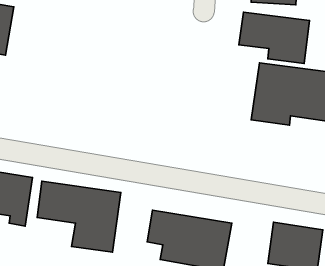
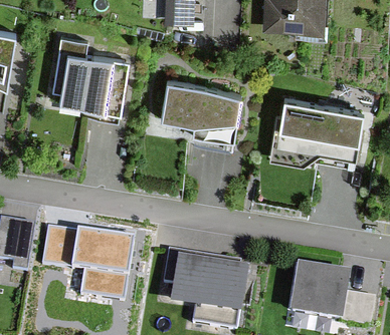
building: none -> [50,39,133,110]
building: [239,12,310,63] -> [163,84,239,139]

